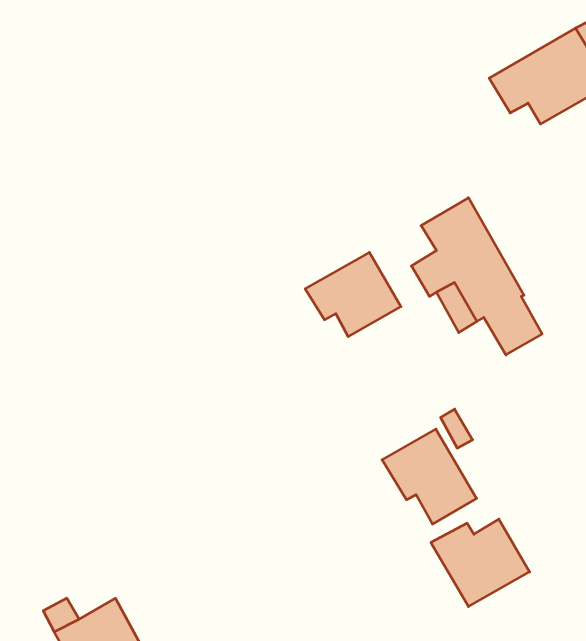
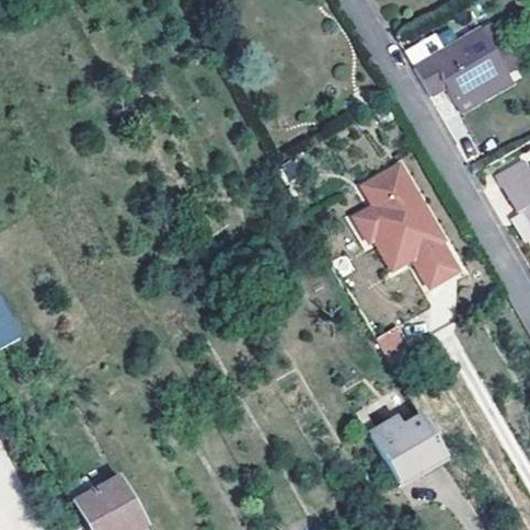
building: [305,252,401,337] -> none
building: [382,429,477,524] -> none

